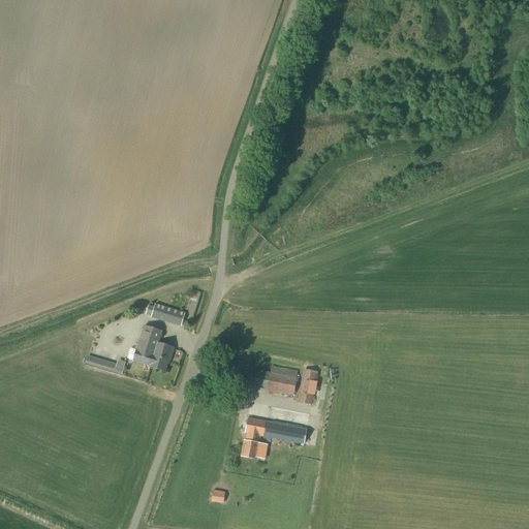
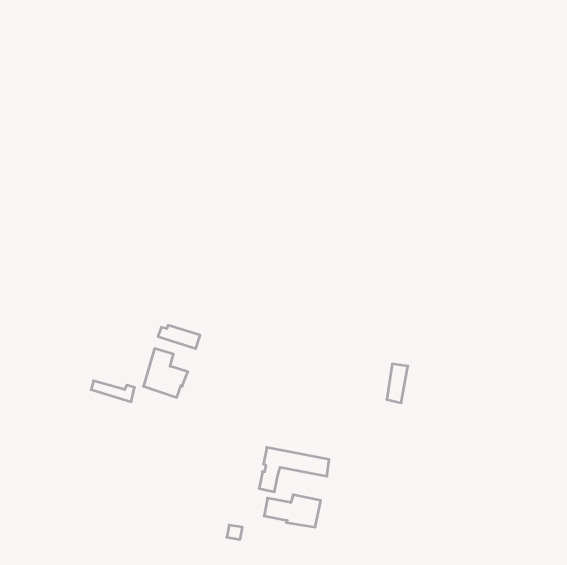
building: [246,364,299,394] -> [264,495,321,527]
building: [299,368,318,404] -> [387,364,408,403]

